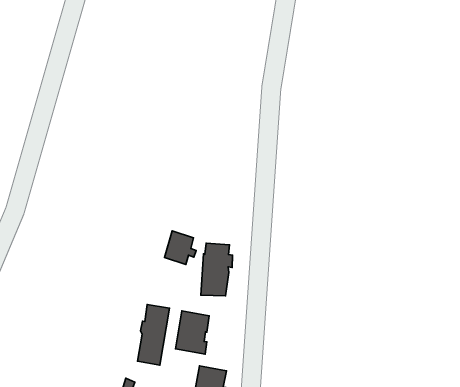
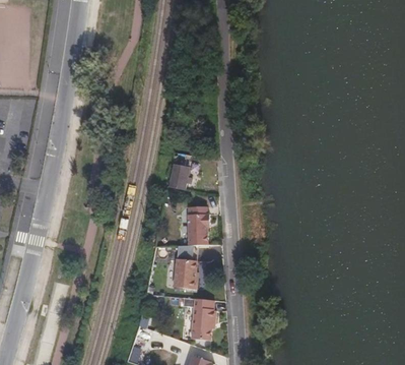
building: [165,231,196,265] -> [168,167,191,190]
building: [138,304,170,365] -> none

